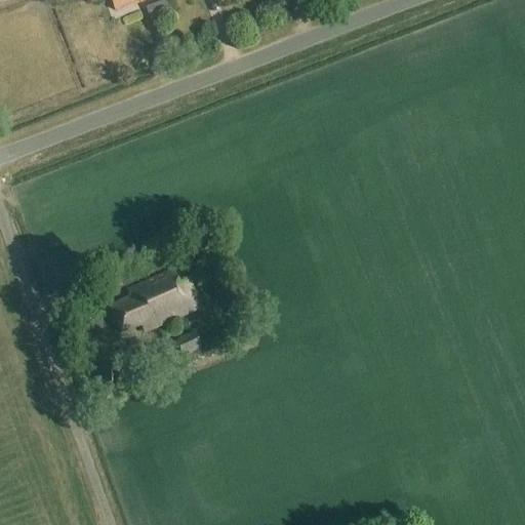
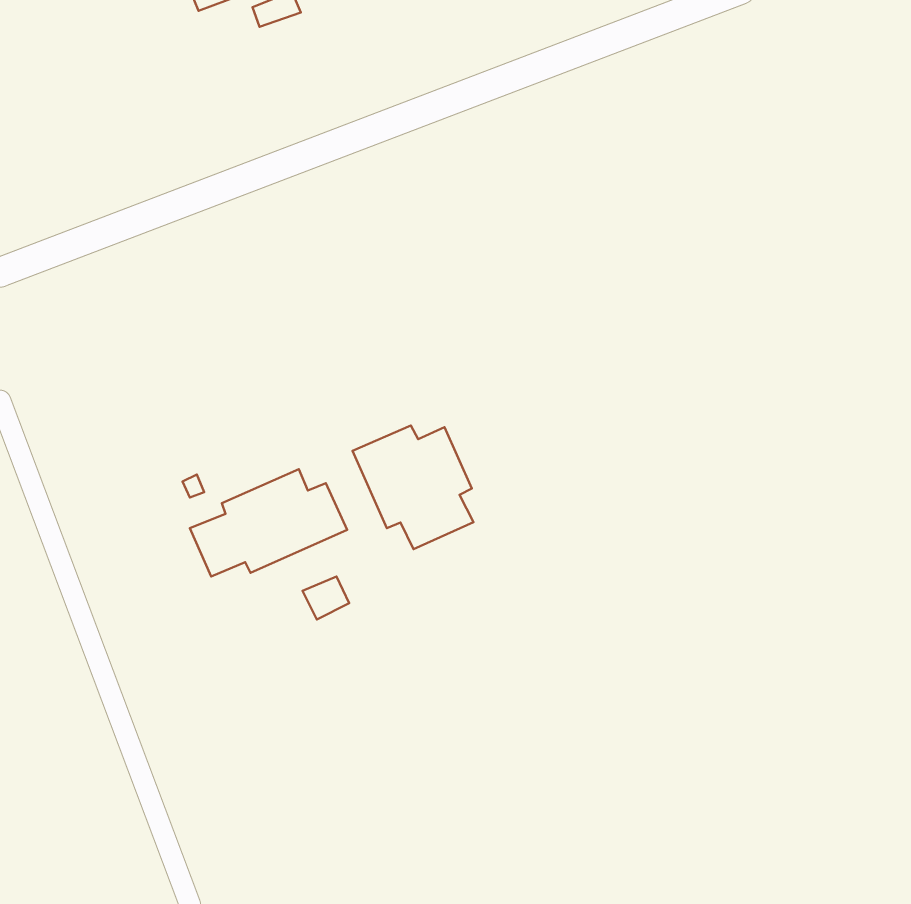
building: none -> [352,425,474,549]

